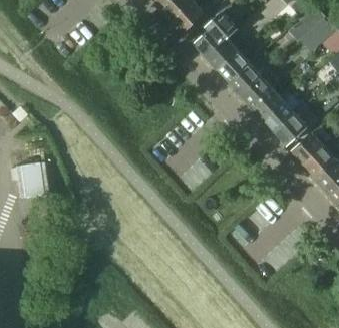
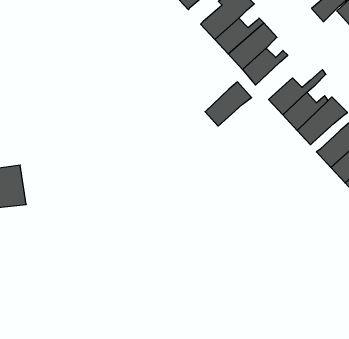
building: [241,71,280,108] -> [205,82,252,126]

